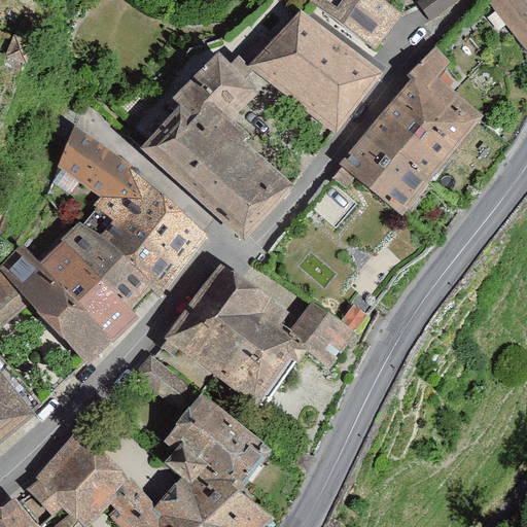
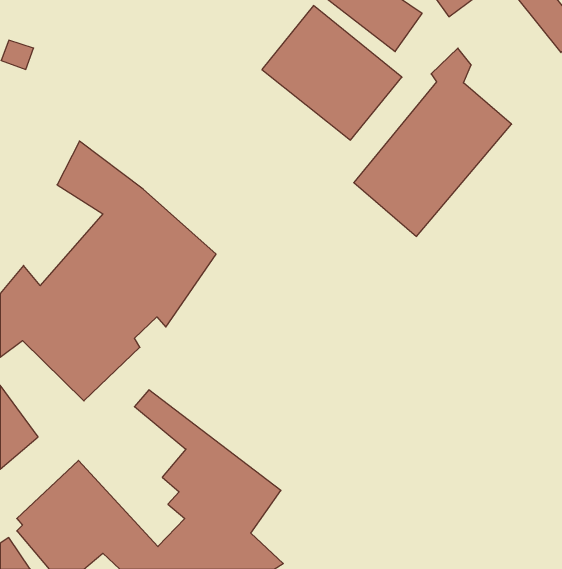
building: [141,54,291,239] -> none
building: [169,268,351,403] -> none

